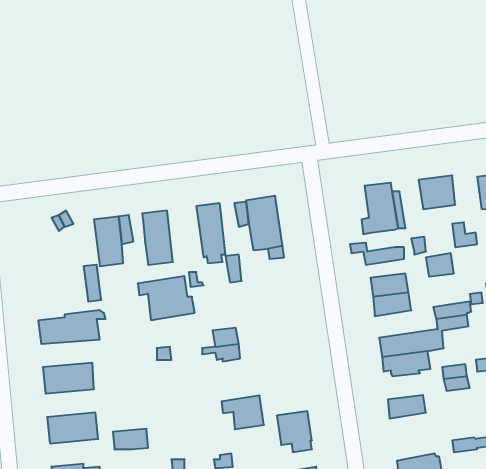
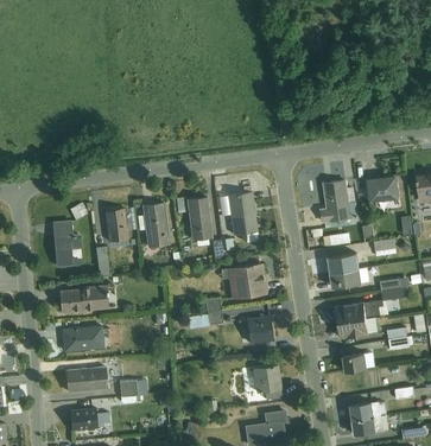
building: none -> [53,221,82,266]
building: [138,276,195,320] -> [221,263,267,299]
building: [222,396,264,429] -> [239,316,273,343]

